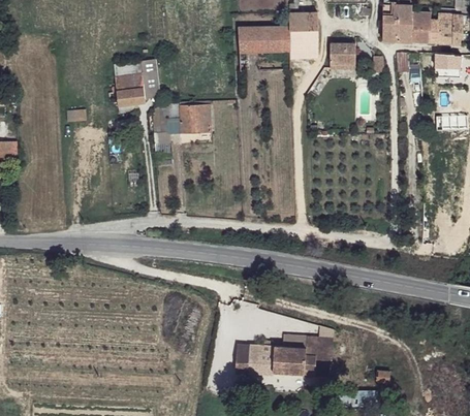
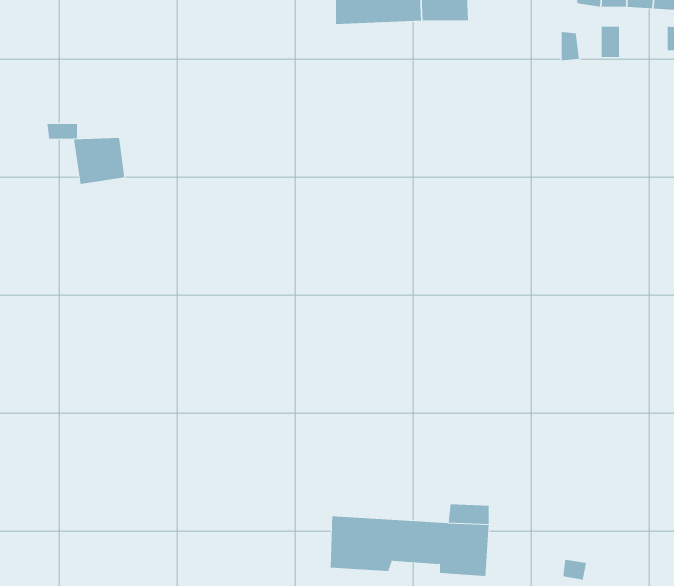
building: [325,41,355,67] -> none
building: [115,75,146,103] -> [73,137,125,184]
building: [181,103,211,132] -> none

